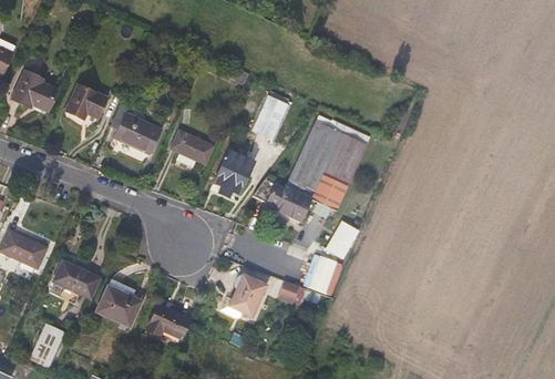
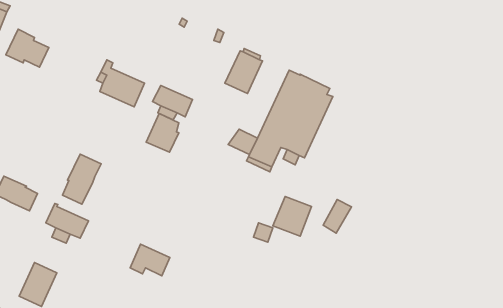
building: [65,84,106,120] -> none
building: [214,152,249,194] -> [146,114,179,152]
building: none -> [62,154,101,204]
building: [328,223,359,259] -> [323,200,352,233]
building: [220,275,266,318] -> none
building: [96,279,141,326] -> none

